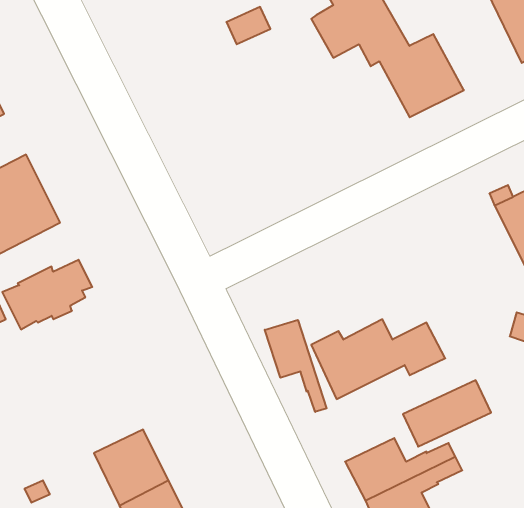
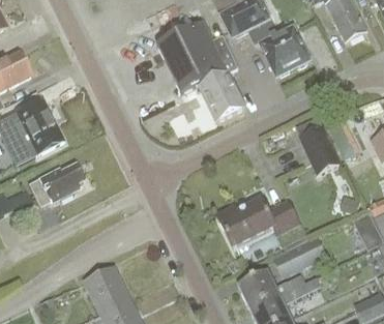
building: none -> [157,20,245,119]
building: none -> [301,126,339,173]
building: [265,320,327,412] -> none

